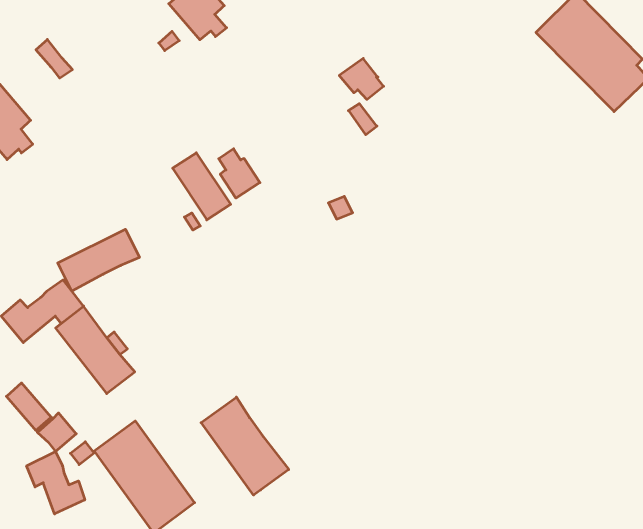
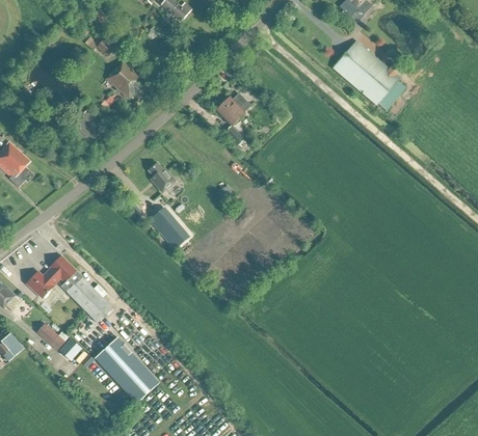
building: [173,153,231,220] -> [150,209,188,249]
building: [58,229,139,291] -> none
building: [201,397,289,495] -> none
building: [27,451,85,514] -> none

